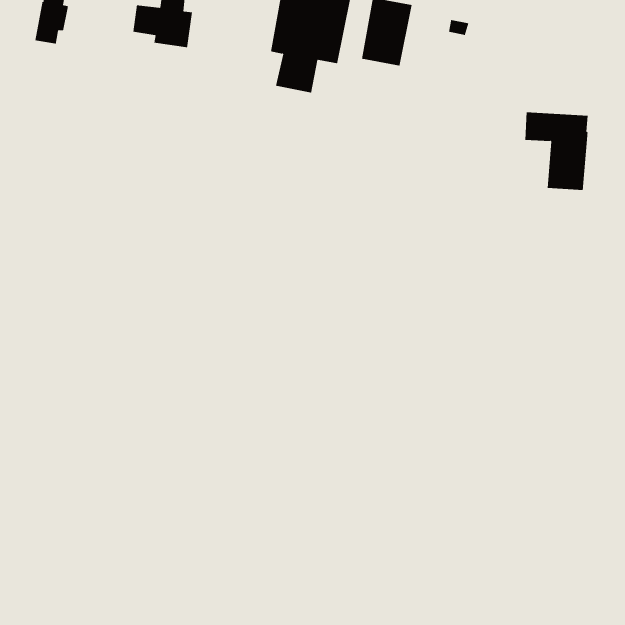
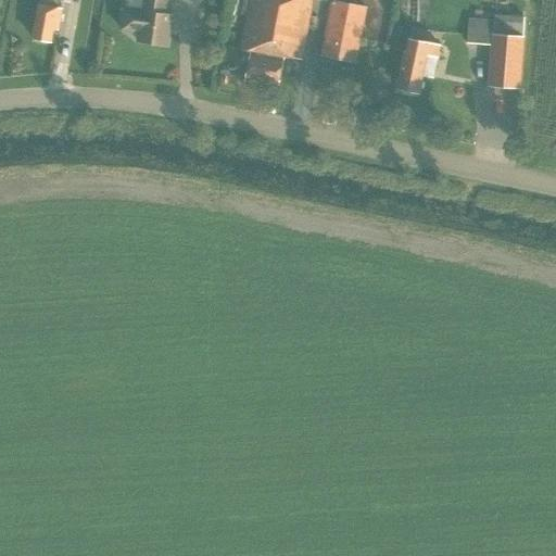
building: none -> [397,36,441,91]
building: [525,112,588,191] -> [468,16,525,86]

